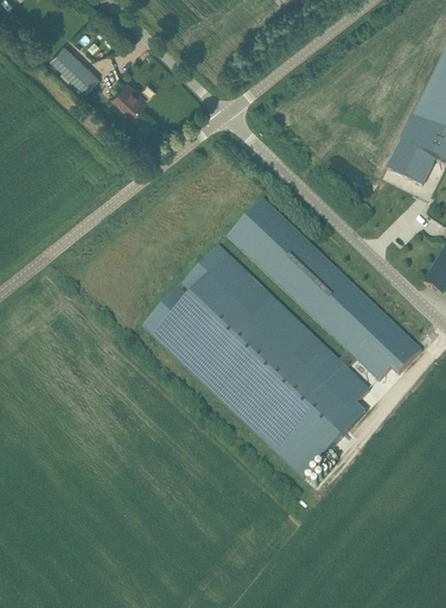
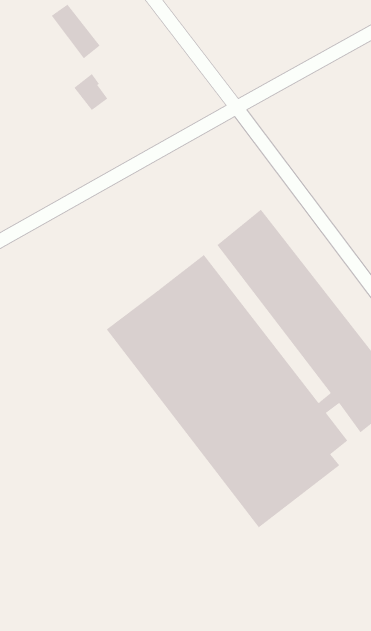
building: [113,81,145,114] -> [73,73,108,111]

